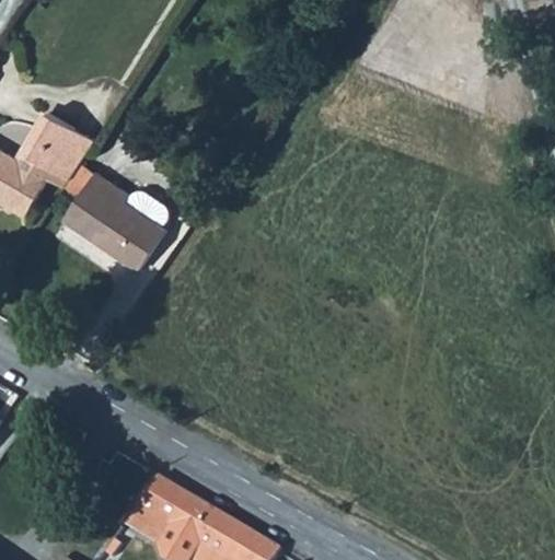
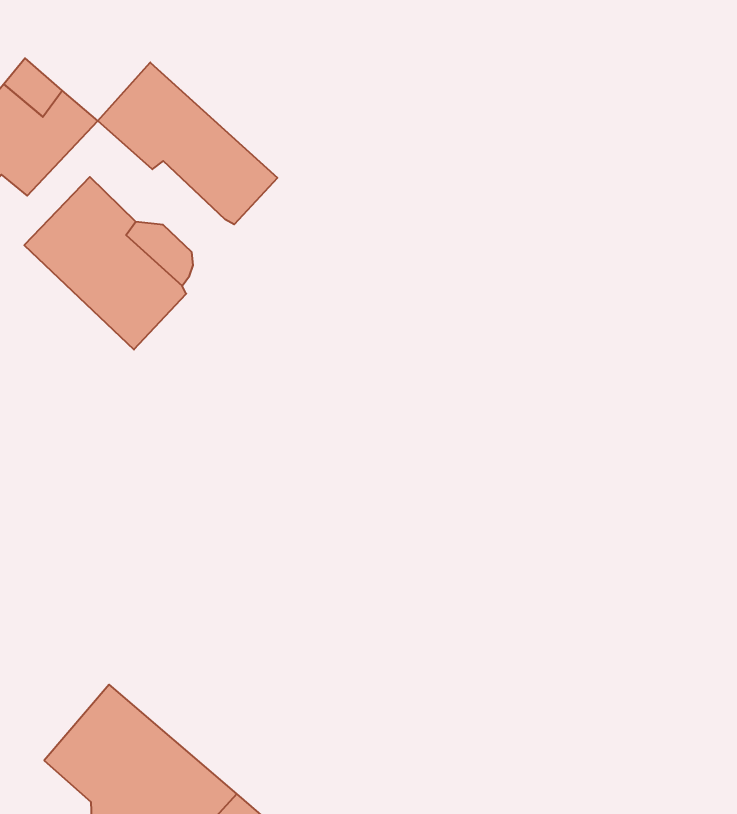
building: none -> [98,62,277,224]

